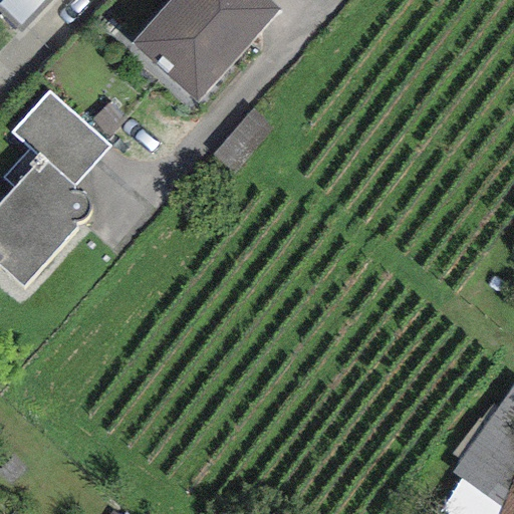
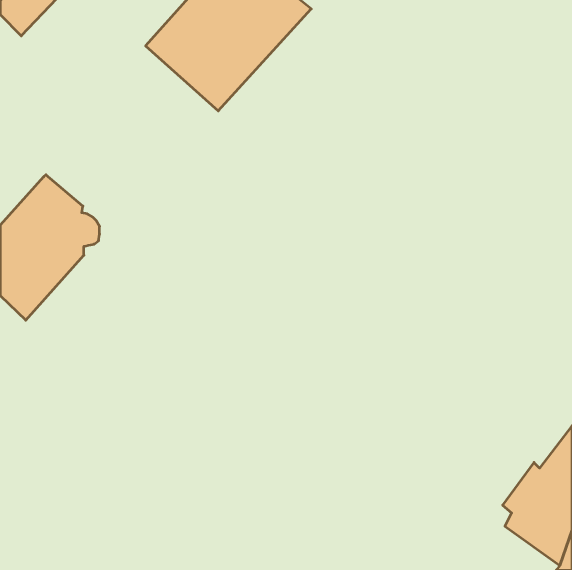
building: [11,89,110,185] -> none

